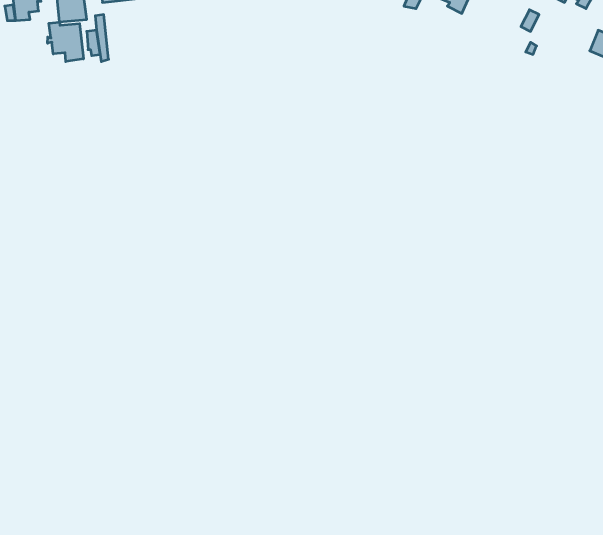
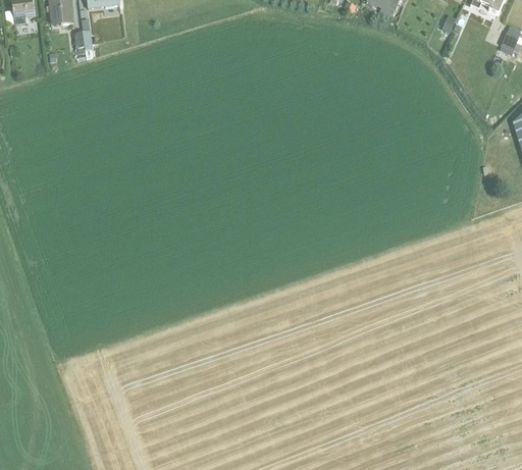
building: [48,22,83,62] -> none

